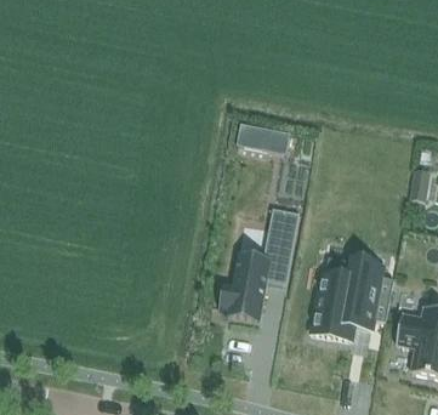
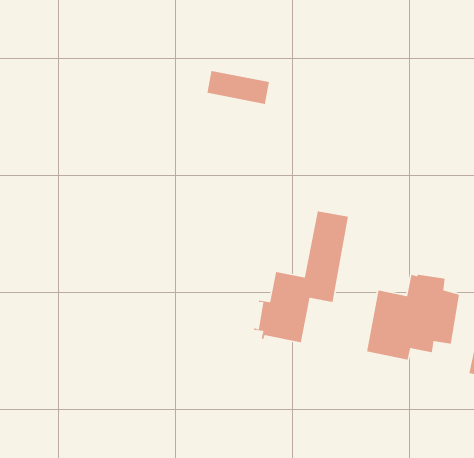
building: [234,120,288,149] -> [206,70,270,105]

